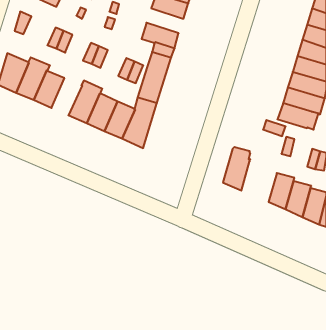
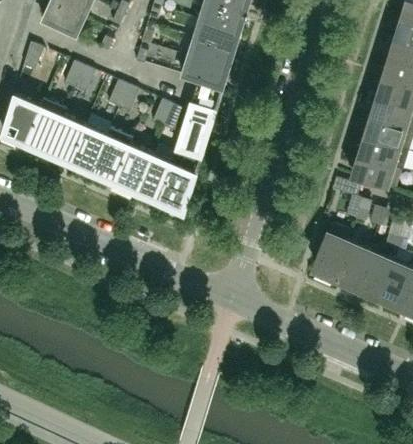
building: none -> [187,39,233,70]
building: none -> [69,126,107,172]
building: [223,147,250,191] -> [316,226,350,280]

